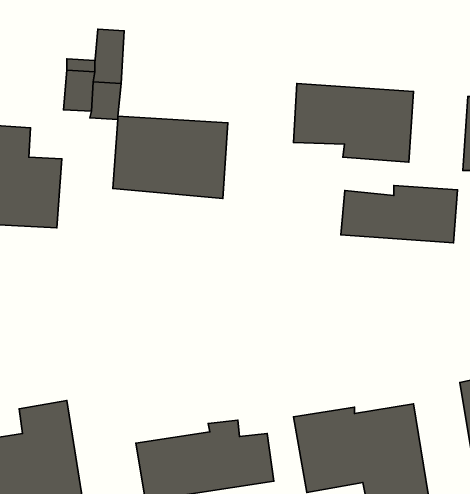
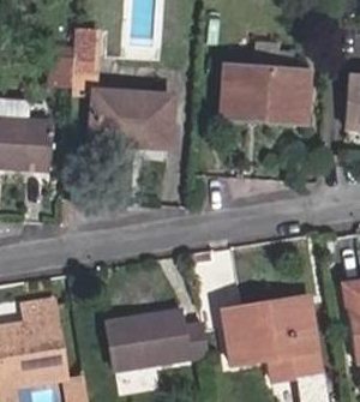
building: [341,186,457,243] -> none

